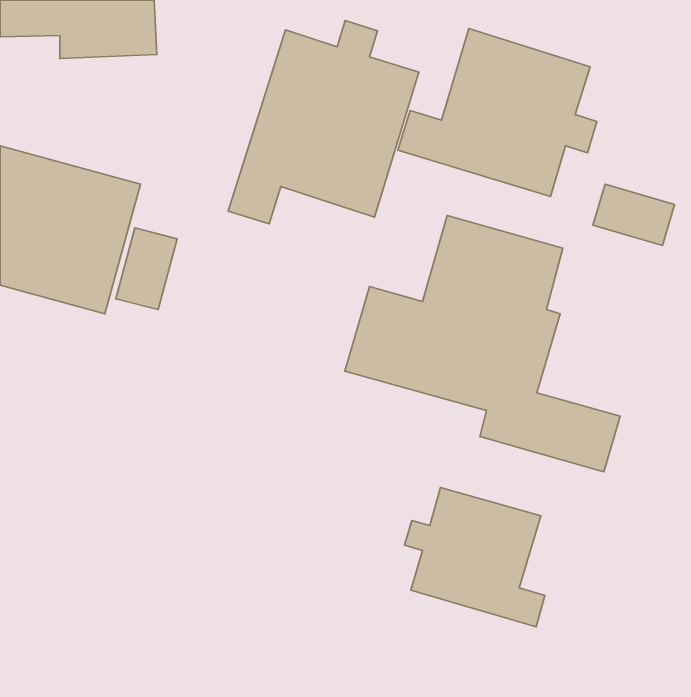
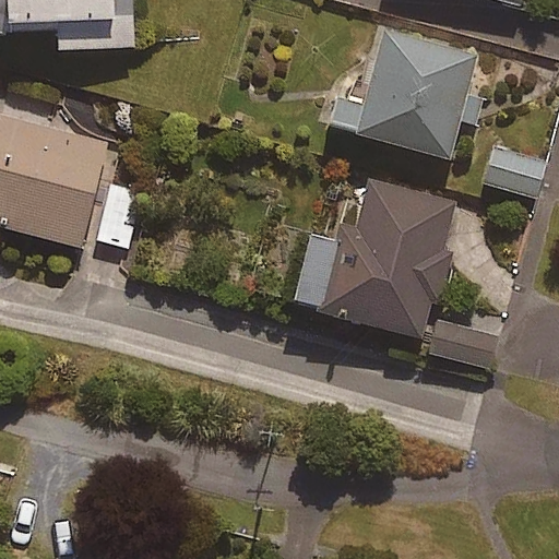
building: [228,21,419,224] -> none
building: [405,488,545,627] -> none

